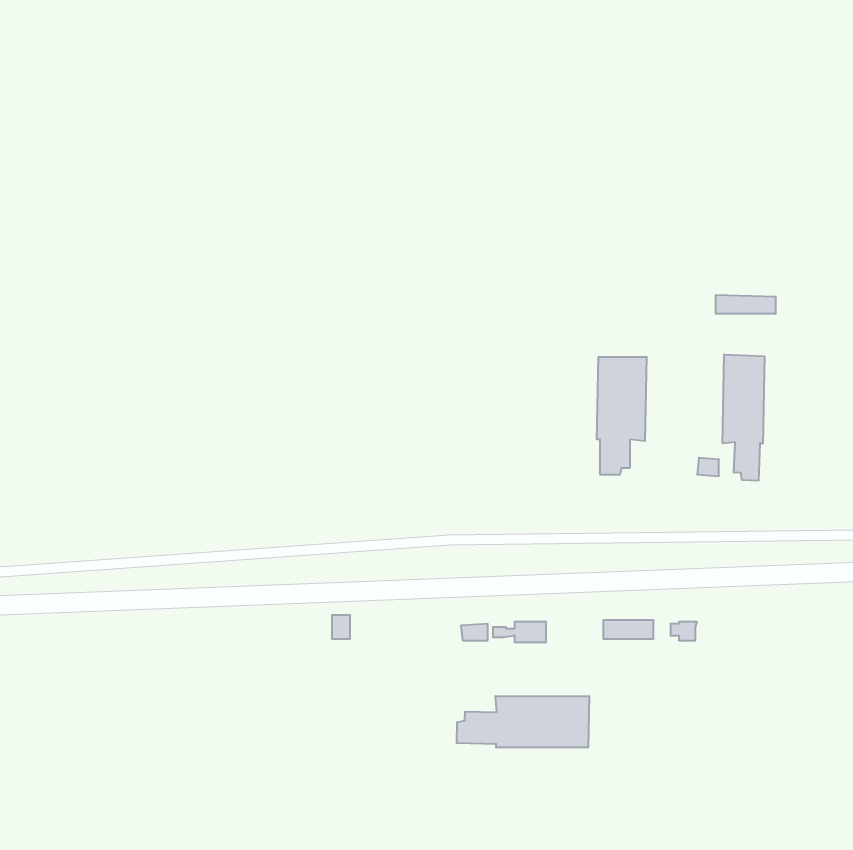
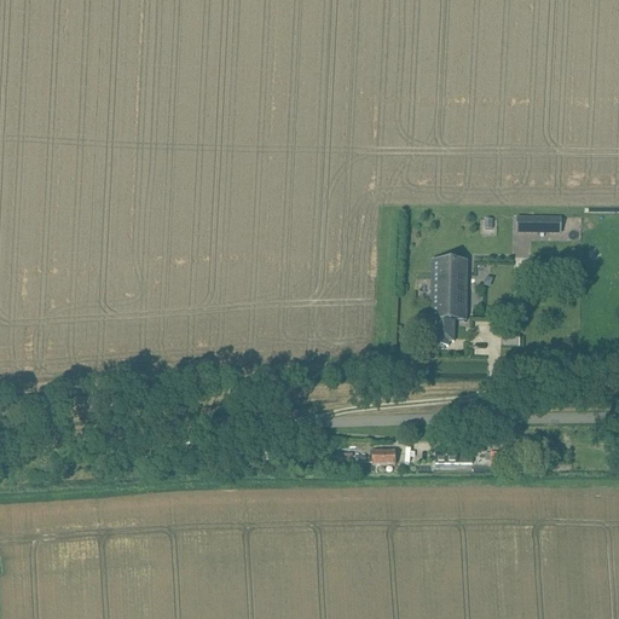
building: [722,354,764,481] -> none
building: [457,696,589,748] -> none

